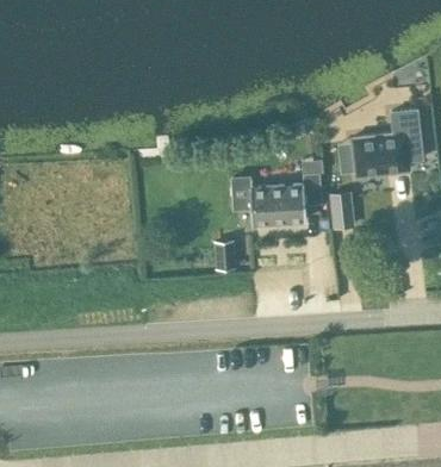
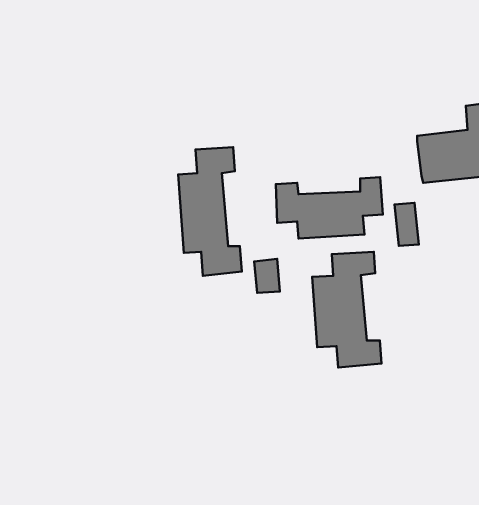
building: none -> [178,147,242,276]
building: none -> [312,252,381,368]

